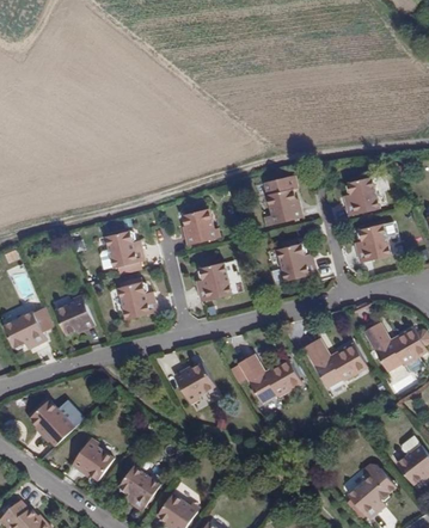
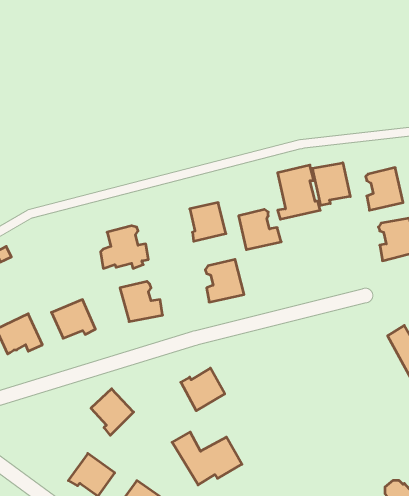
building: none -> [312,163,350,205]
building: [277,241,317,278] -> [239,209,281,250]
building: [304,338,368,387] -> none
building: [237,352,301,401] -> [172,432,242,485]
building: [29,399,68,442] -> [91,389,134,435]

